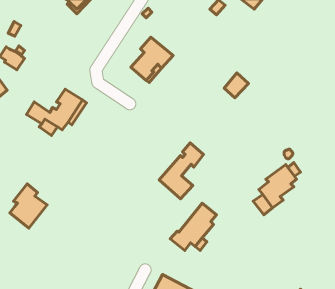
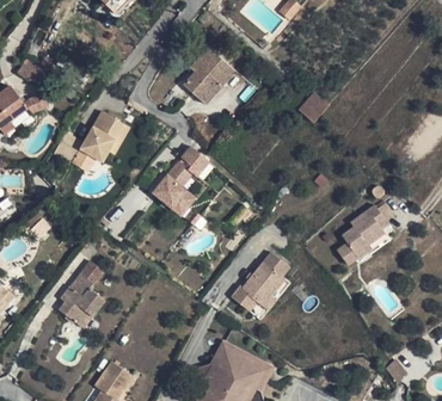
building: [159,143,204,199] -> [153,146,208,215]
building: [10,184,47,228] -> [59,272,105,327]

